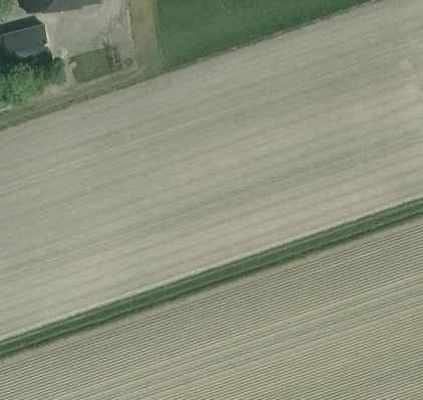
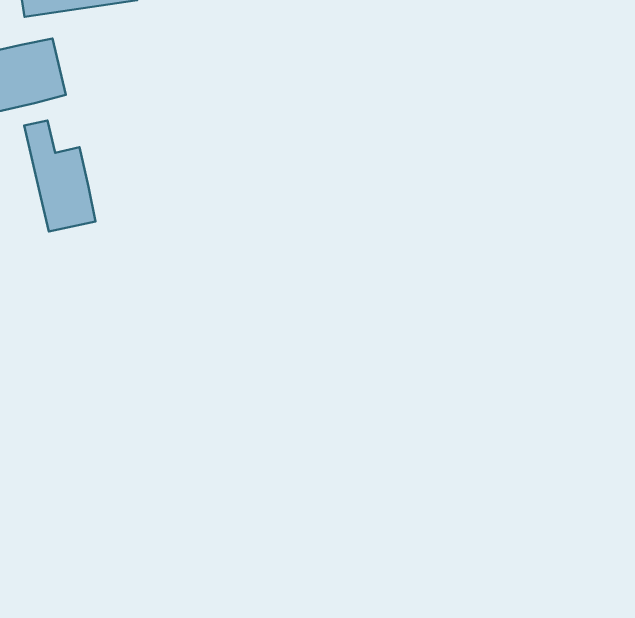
building: none -> [24,120,96,232]

